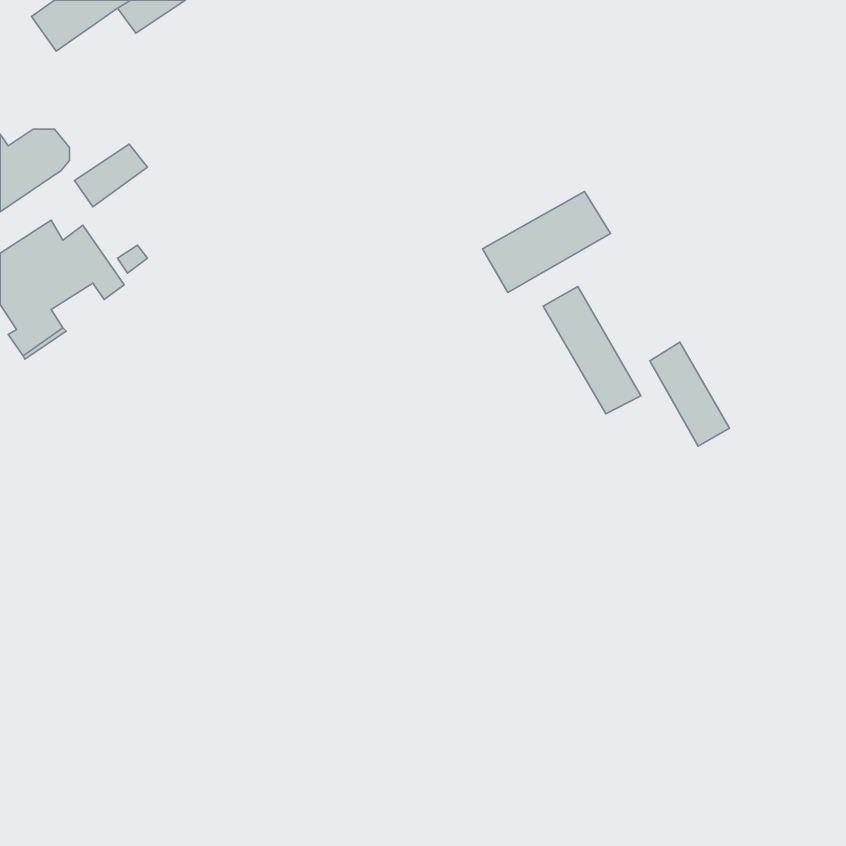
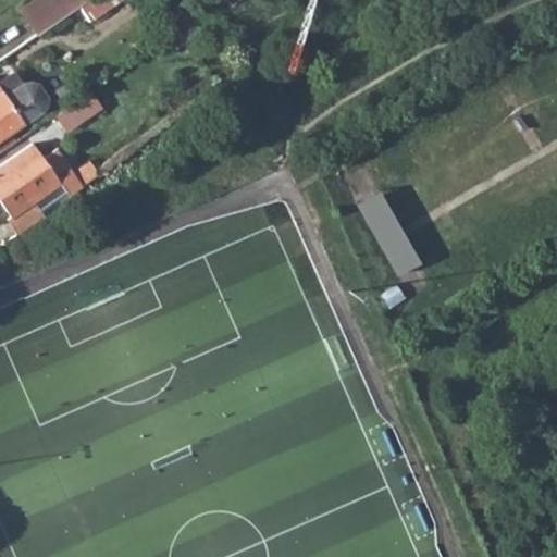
building: [483,192,610,293] -> none
building: [650,342,729,446] -> none

